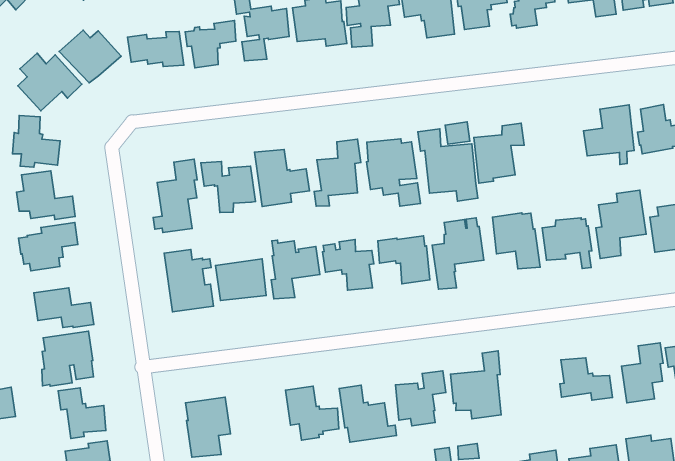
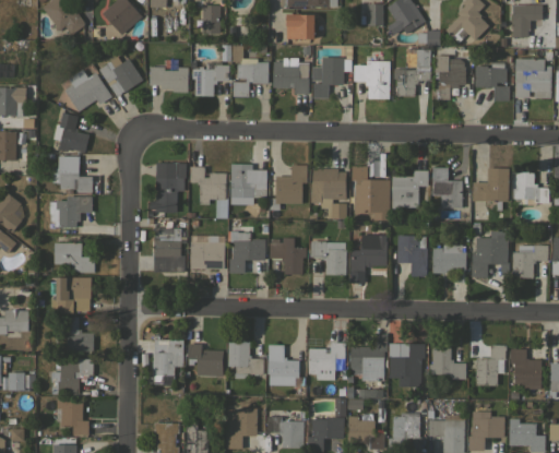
building: none -> [431,167,462,208]
building: none -> [389,344,425,388]
building: none -> [188,344,224,377]

